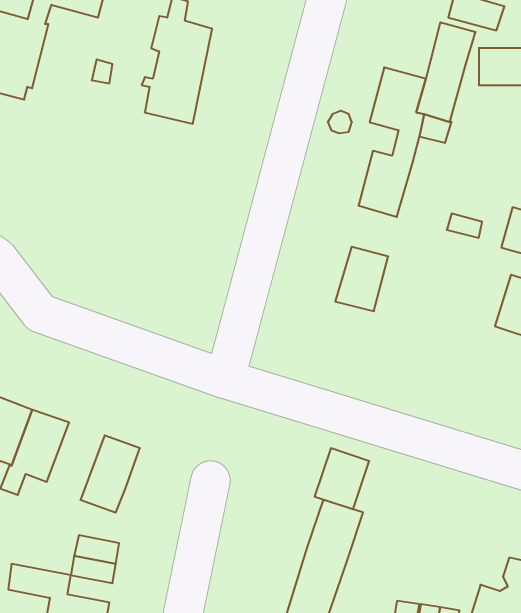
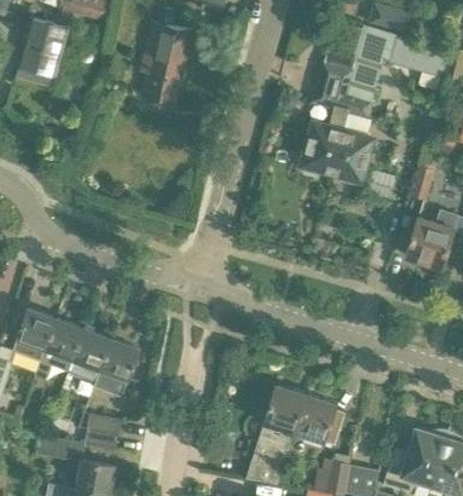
building: [335,247,388,311] -> [331,131,371,179]
building: none -> [68,327,111,385]
building: [315,448,369,509] -> [294,394,335,440]

